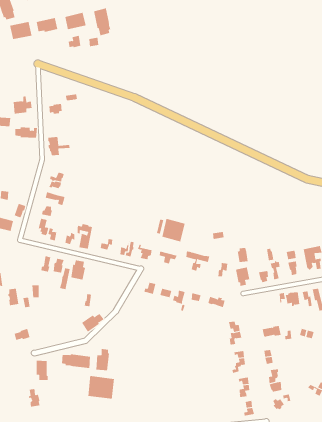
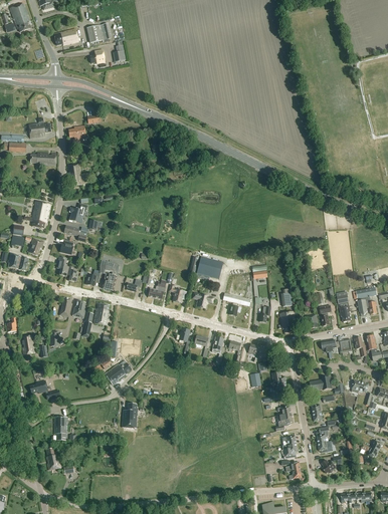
building: [94,7,111,36] -> none
building: [10,21,32,40] -> none
building: none -> [23,201,49,228]
building: [62,354,91,369] -> none
building: [88,375,114,399] -> none

